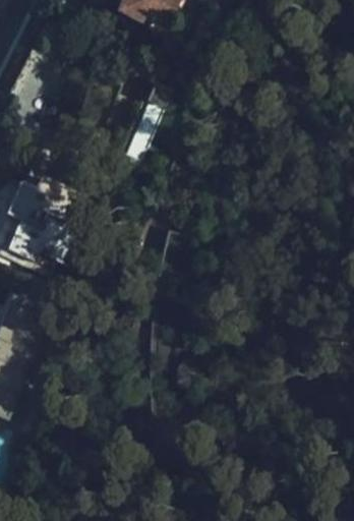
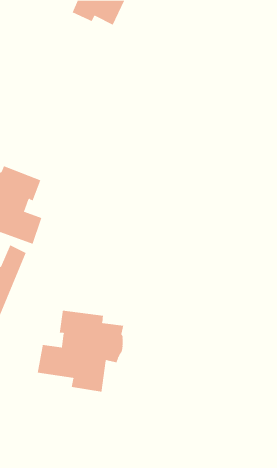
building: none -> [37,310,124,392]

